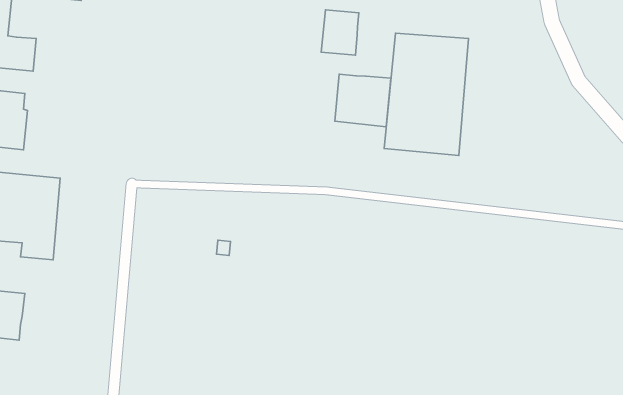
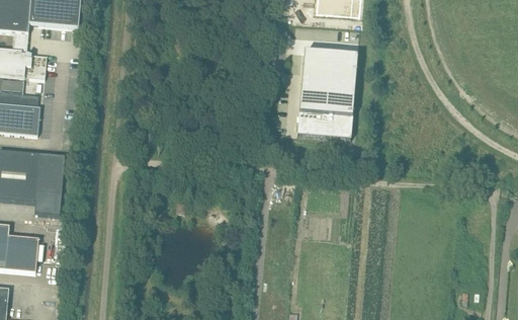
building: [321,10,359,55] -> none
building: [335,74,391,127] -> none

